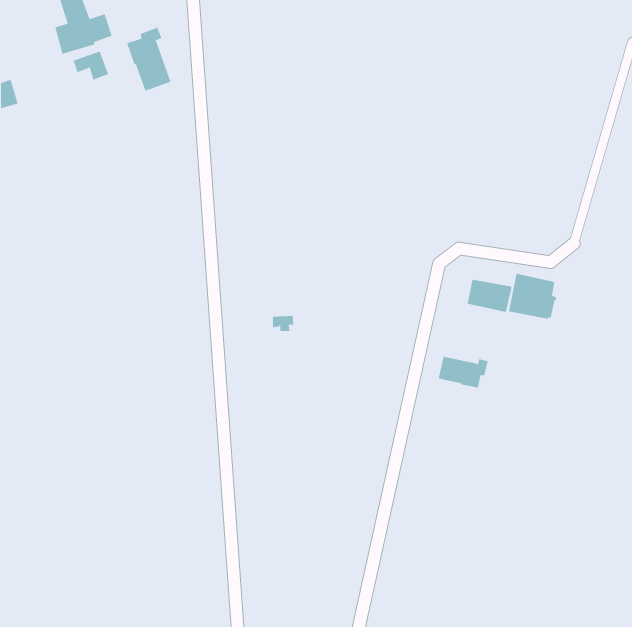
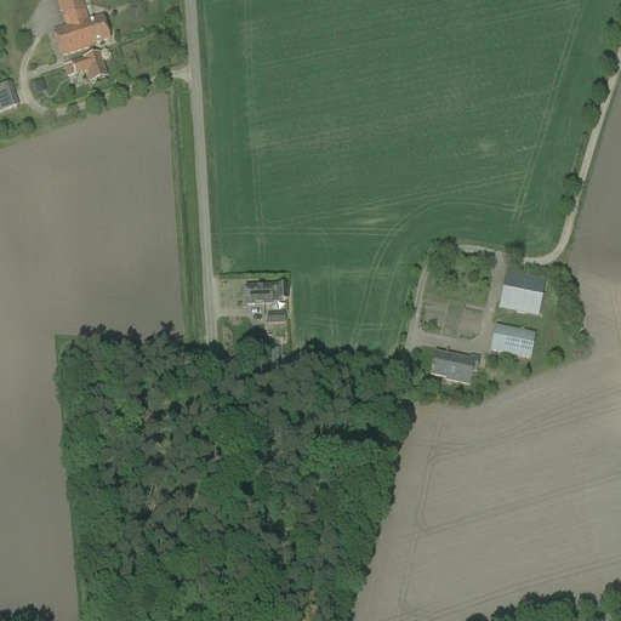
building: [127,27,171,92] -> none
building: [467,279,513,313] -> [490,323,535,355]
building: none -> [246,281,287,302]

